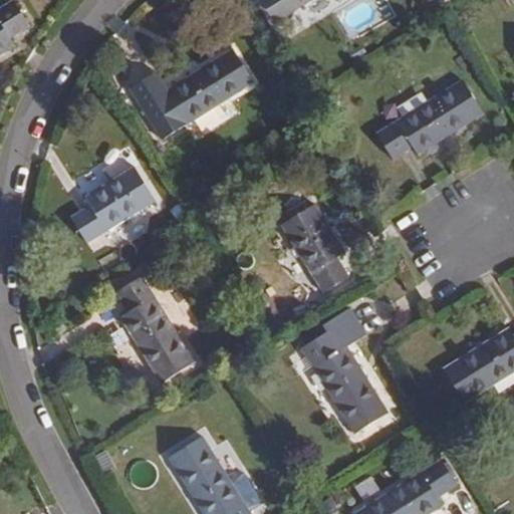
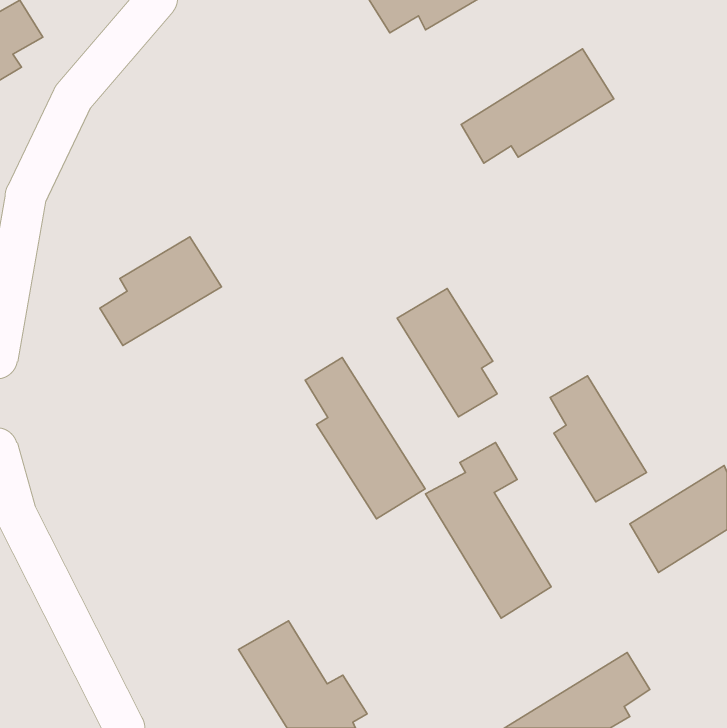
building: [134,48,253,138] -> none
building: [375,79,483,160] -> [461,49,614,163]
building: none -> [550,376,646,502]
building: [110,270,195,383] -> [305,357,425,519]

